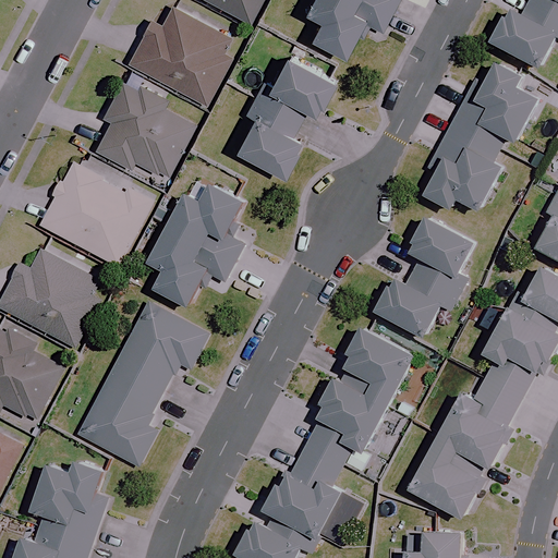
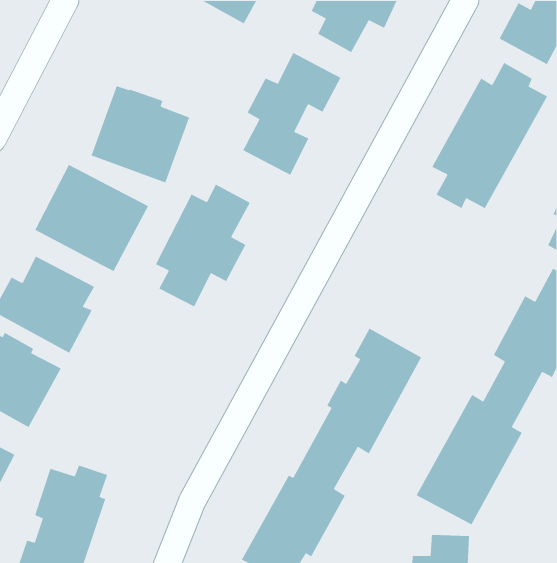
building: [121,10,223,108] -> none
building: [376,217,476,336] -> none
building: [80,304,206,465] -> none

